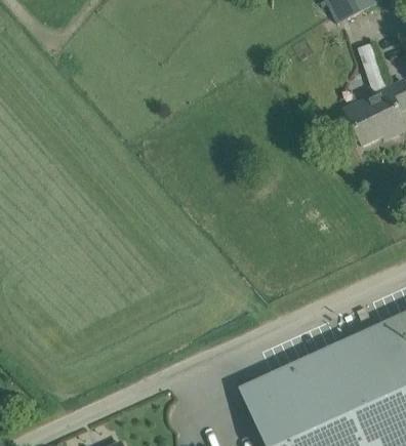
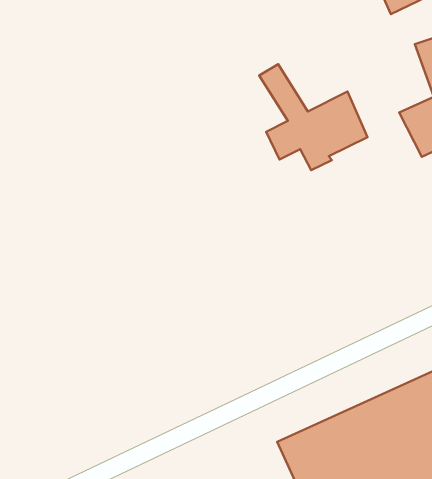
building: none -> [259,64,367,170]

